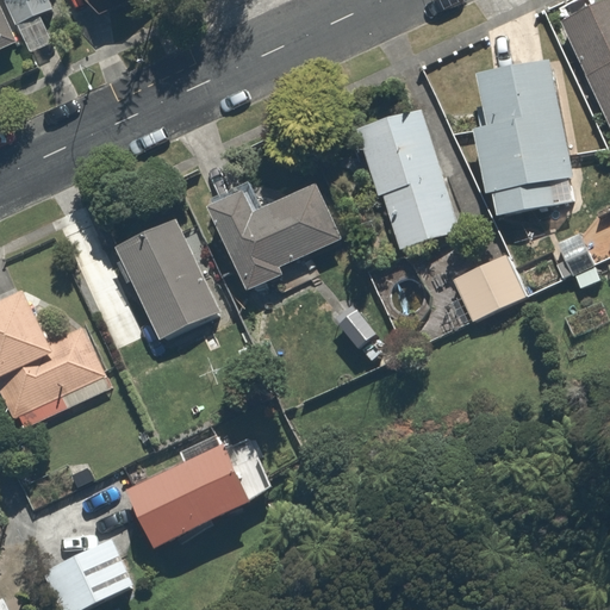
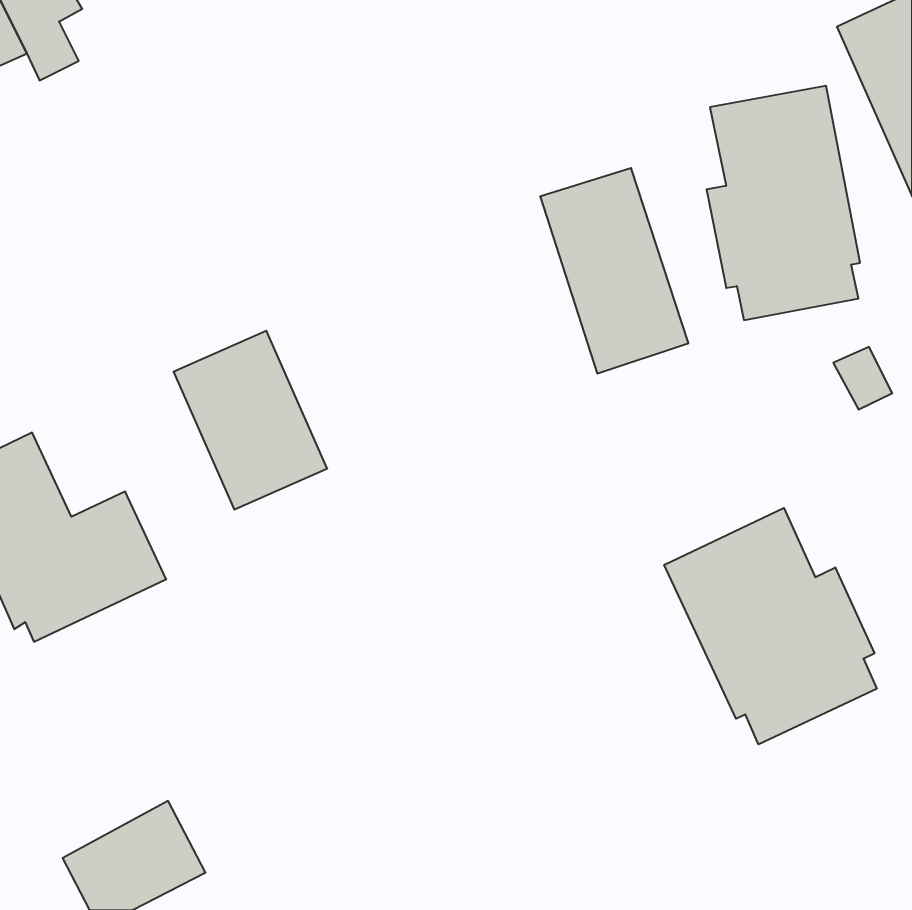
building: [206,180,342,288] -> none
building: [452,253,525,319] -> none
building: none -> [664,508,877,744]
building: [127,424,257,549] -> none

